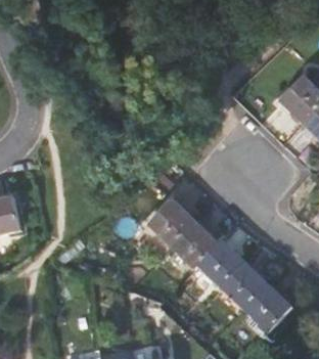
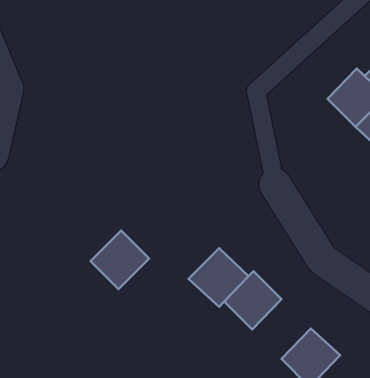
building: [146,196,193,243] -> [91,230,149,289]
building: [220,260,267,308] -> none

